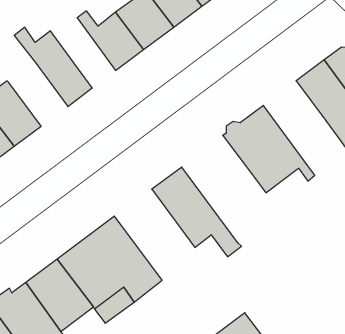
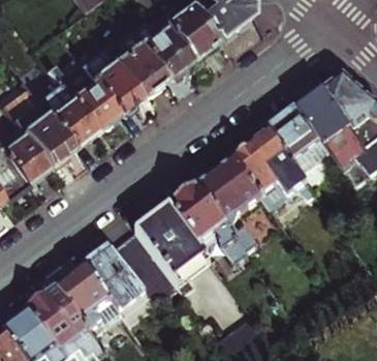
building: none -> [83,51,138,114]
building: none -> [43,91,96,148]
building: none -> [270,108,325,183]
building: none -> [197,156,262,251]
building: none -> [137,204,209,293]

